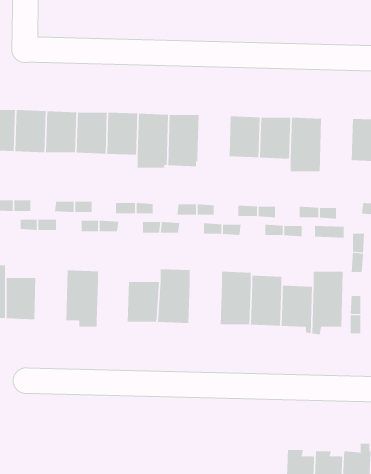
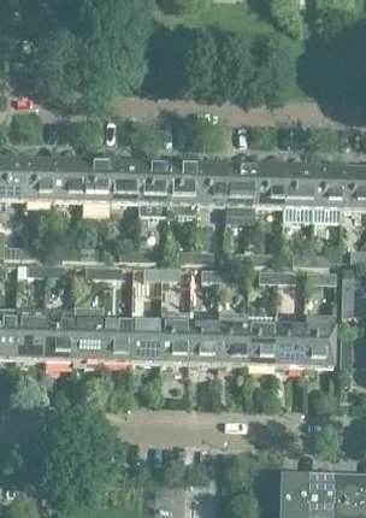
building: none -> [196,163,226,202]
building: none -> [312,166,342,218]
building: none -> [42,307,72,358]
building: none -> [101,319,130,359]
building: none -> [188,322,218,361]

